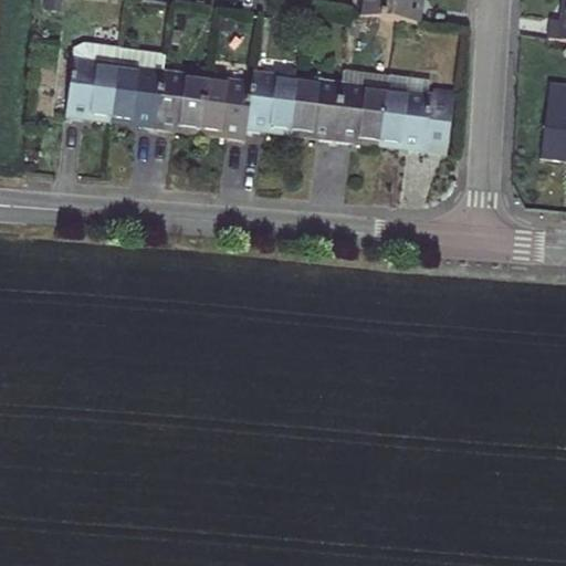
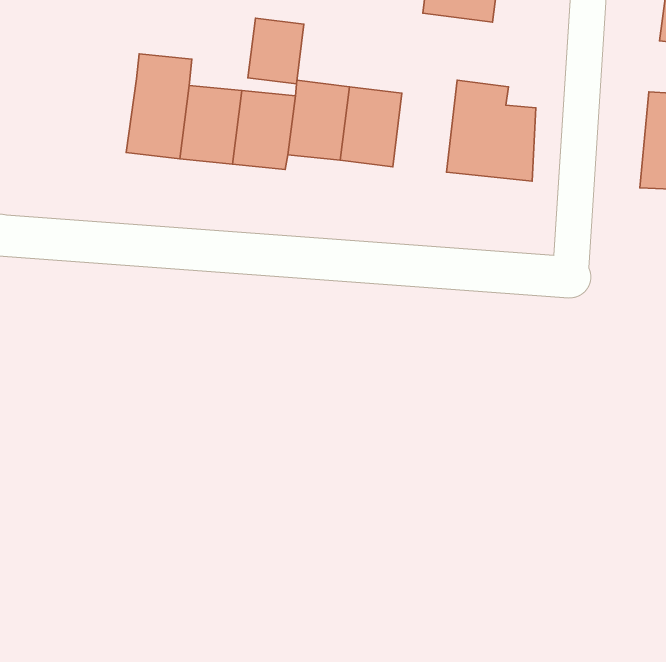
building: none -> [248,18,304,84]
building: [62,42,122,128] -> none
building: [335,62,389,145] -> none

